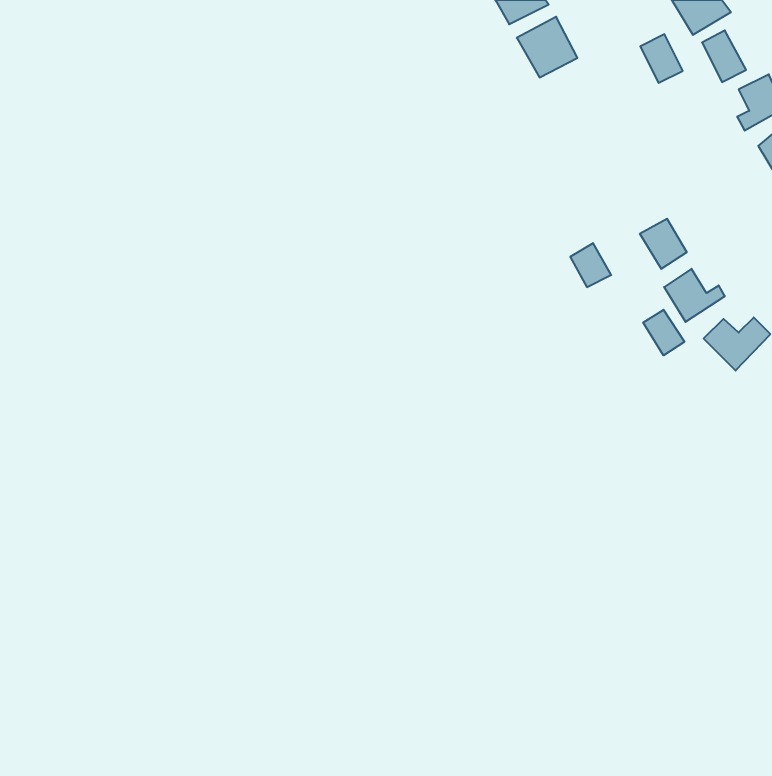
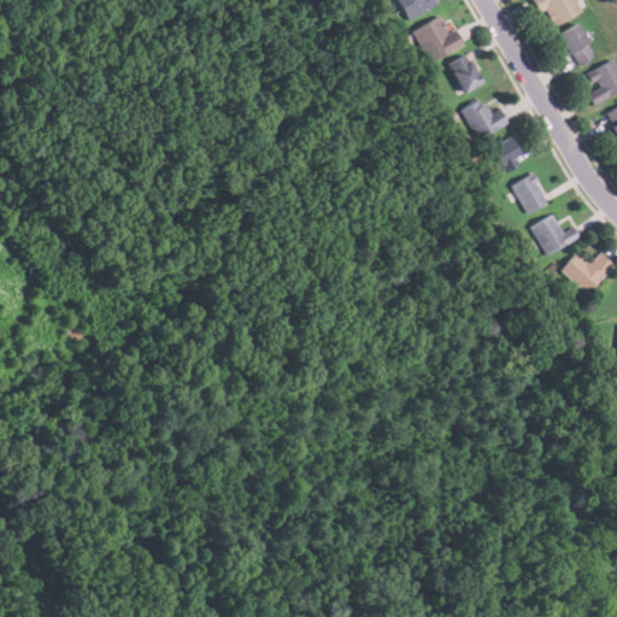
building: [640,34,683,83] -> [448,54,482,93]
building: none -> [462,98,509,139]
building: [570,243,611,287] -> [492,136,524,171]
building: [643,310,684,355] -> none

